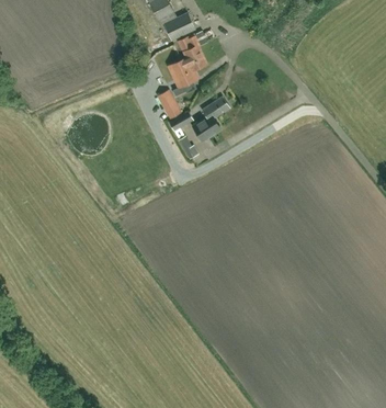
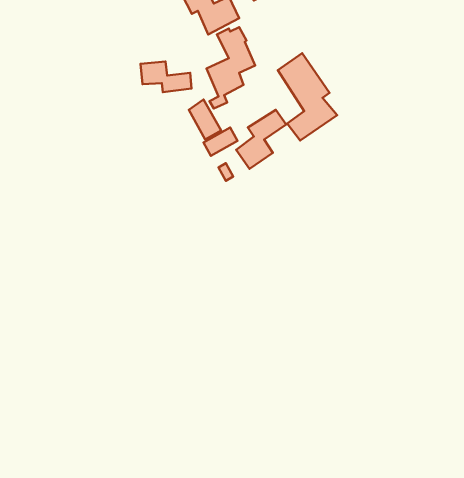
building: none -> [278,53,337,140]
building: none -> [141,62,192,92]

